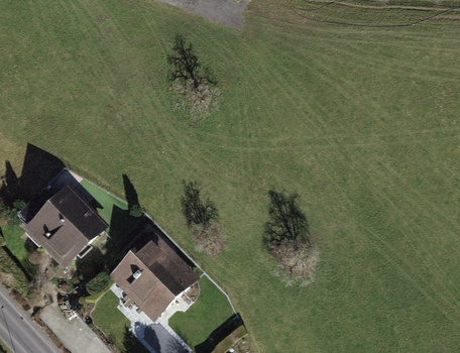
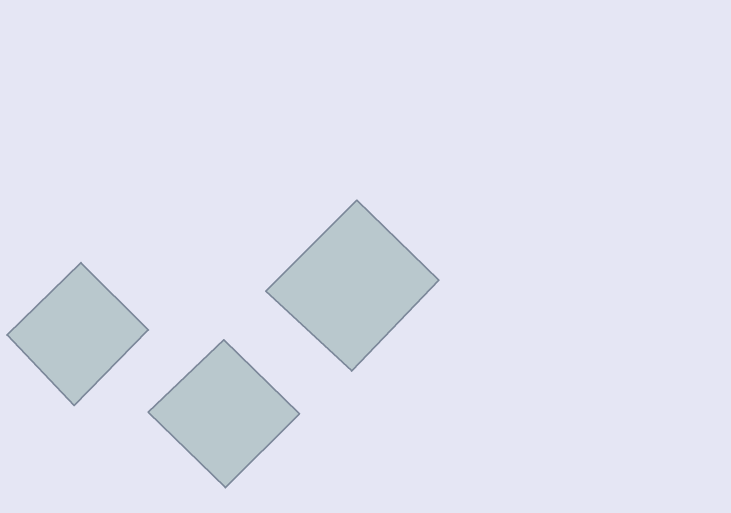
building: none -> [266,200,439,371]

